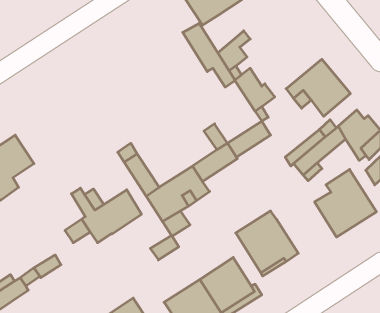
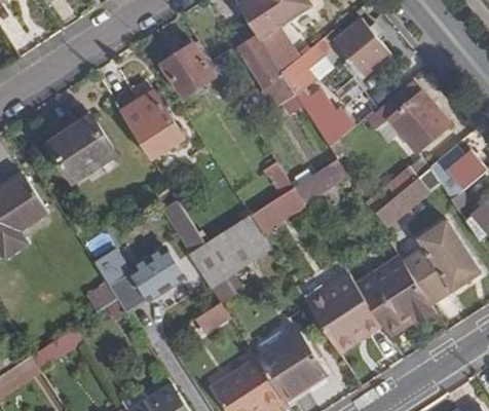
building: none -> [334,18,388,74]
building: none -> [258,26,298,72]
building: none -> [160,43,215,97]
building: none -> [121,90,183,158]
building: none -> [48,114,116,181]
building: none -> [353,254,432,332]

